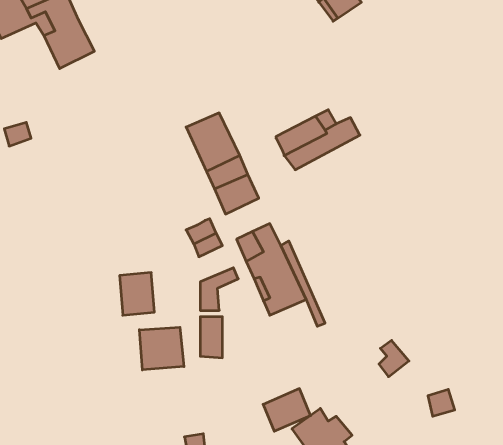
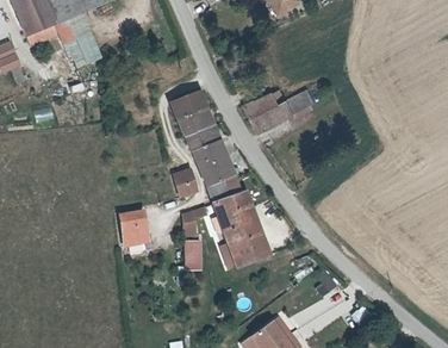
building: none -> [200,159,234,189]
building: [139,327,184,370] -> none
building: [263,389,311,431] -> [234,235,269,267]

